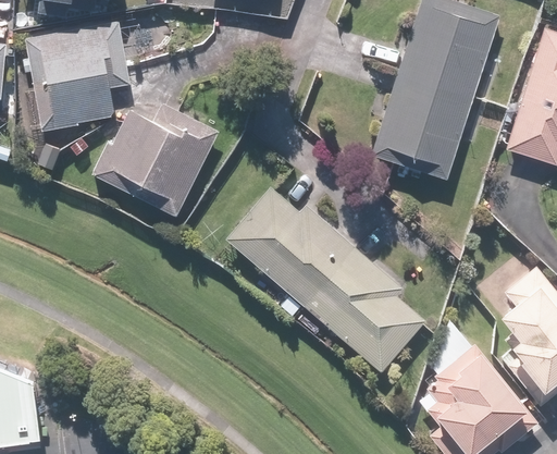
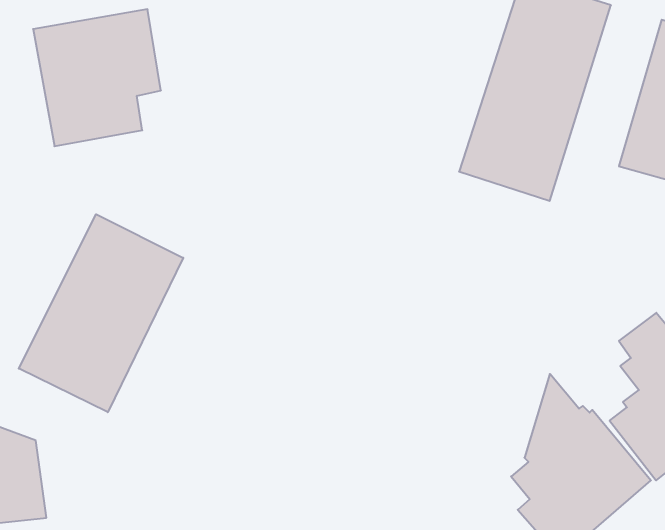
building: [92,108,216,217] -> none
building: [227,187,424,373] -> none
building: none -> [19,214,183,412]

